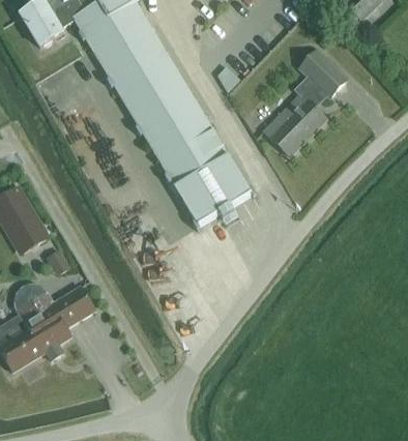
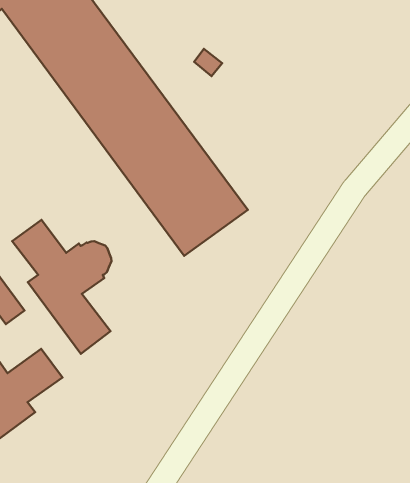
building: [263,49,346,154] -> none
building: none -> [12,220,111,354]

